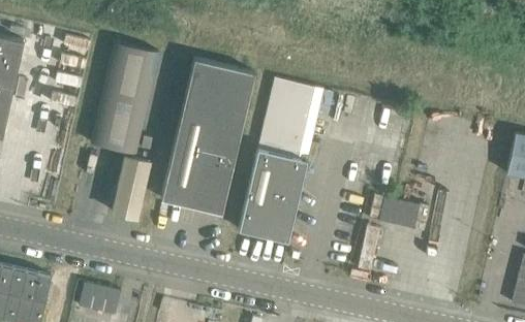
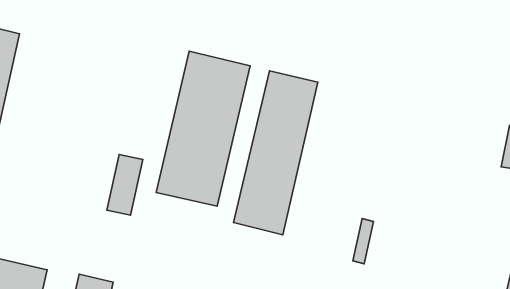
building: [90,44,158,155] -> none
building: [380,198,421,223] -> none

